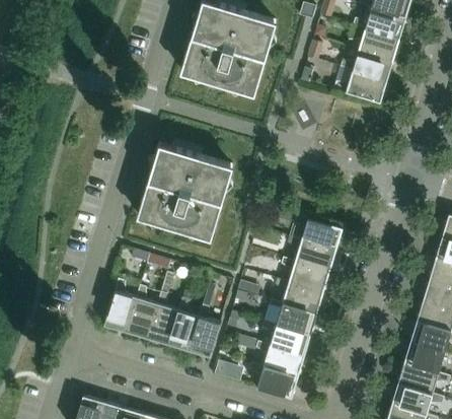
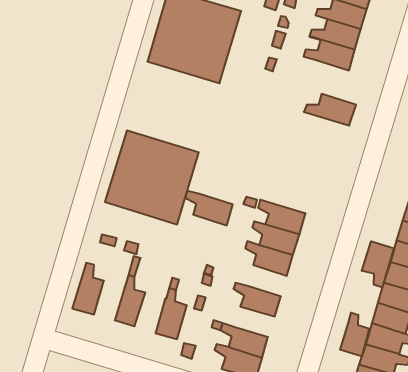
building: [333,71,387,103] -> [304,94,356,126]
building: none -> [362,241,394,288]
building: [275,279,323,315] -> [185,191,233,225]
building: [126,286,157,339] -> none
building: [167,299,199,352] -> none
building: [262,322,311,356] -> none
building: none -> [340,313,369,356]

